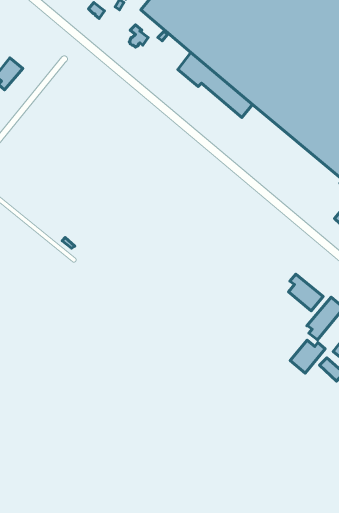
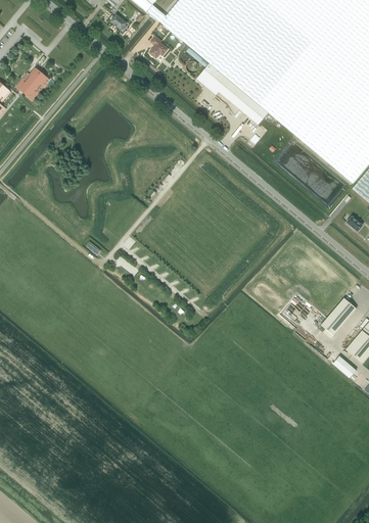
building: [289,274,323,311] -> none
building: [290,340,325,373] -> none

